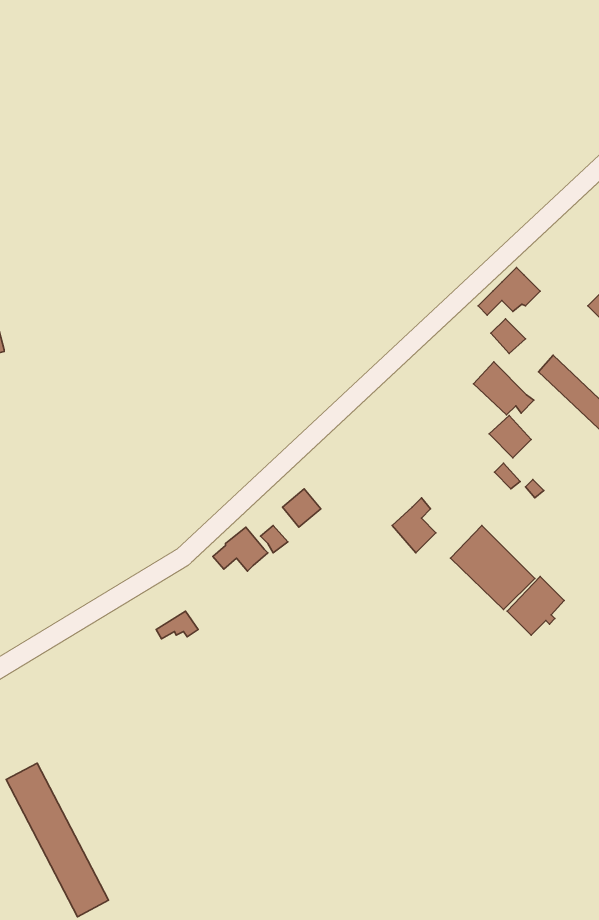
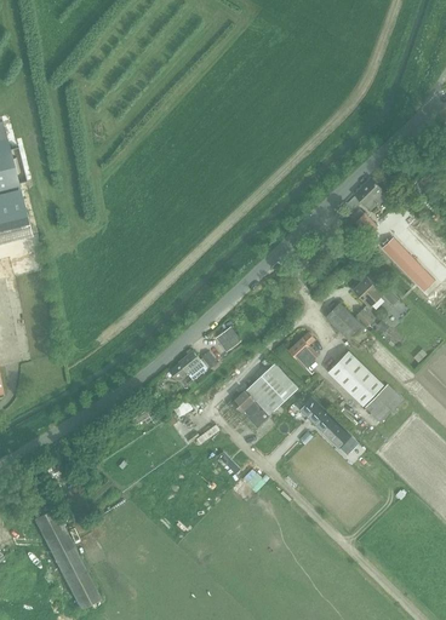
building: [474,362,534,415] -> [325,302,365,337]
building: none -> [231,361,298,435]
building: none -> [298,396,358,454]

